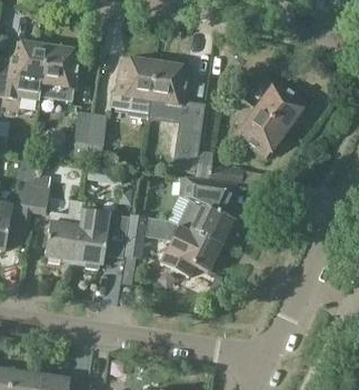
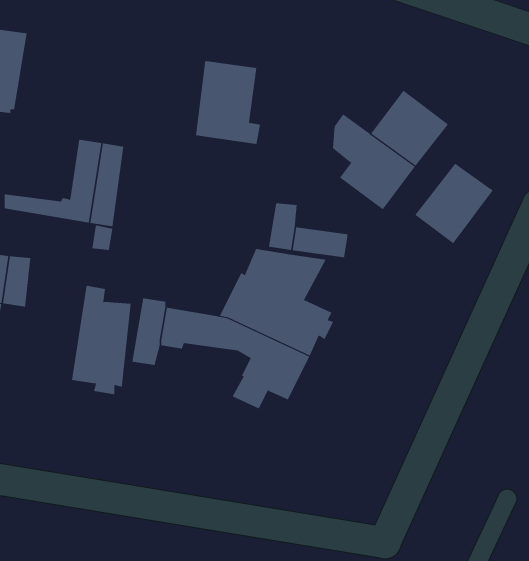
building: [40,47,80,96] -> none
building: [111,59,156,109] -> none
building: [180,126,202,177] -> none
building: none -> [415,163,493,244]
building: [47,199,83,261] -> none

